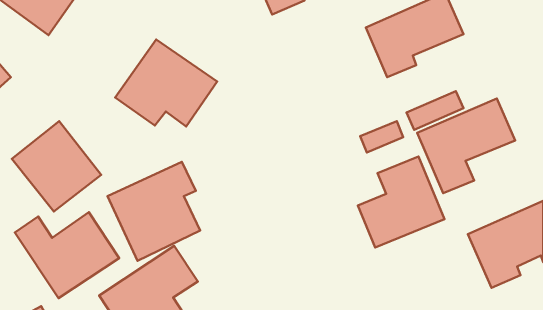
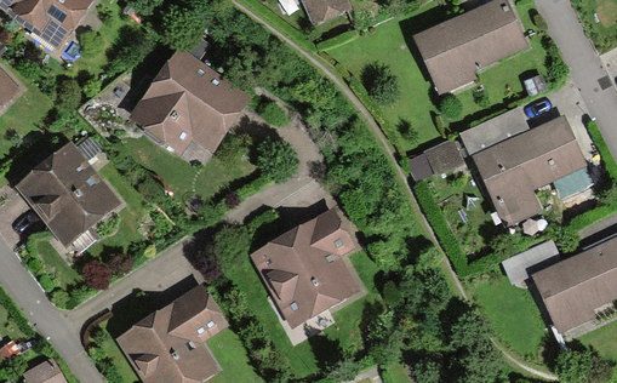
building: [358,156,445,248] -> none
building: [108,162,200,261] -> [252,213,356,325]
building: [15,212,119,298] -> none

